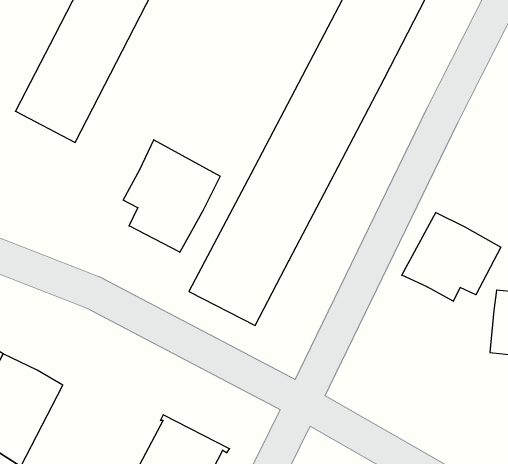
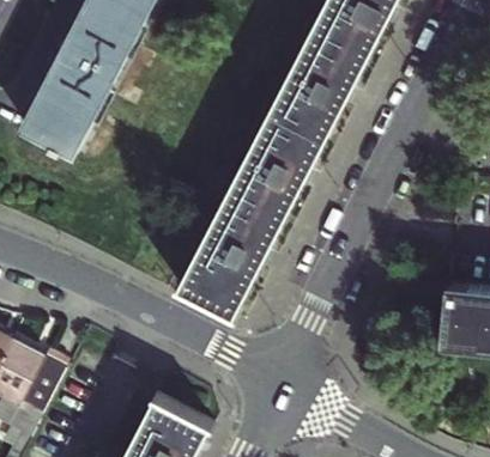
building: [123,140,220,252] -> none
building: [402,213,501,301] -> none

